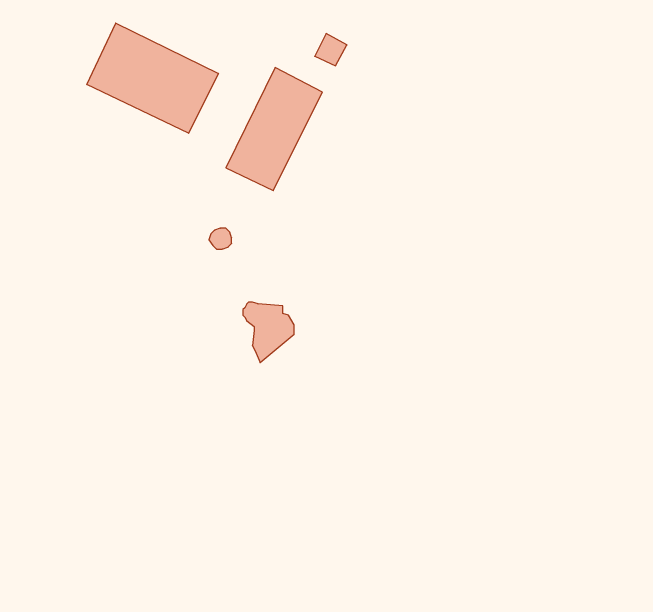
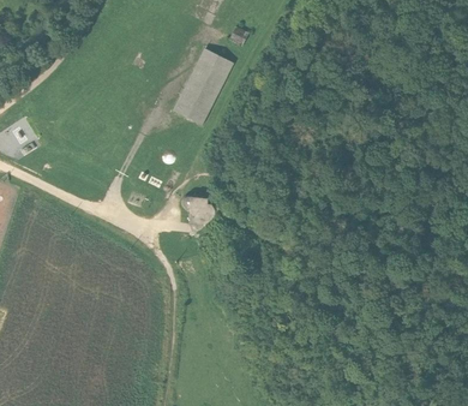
building: [87,23,218,133] -> none

